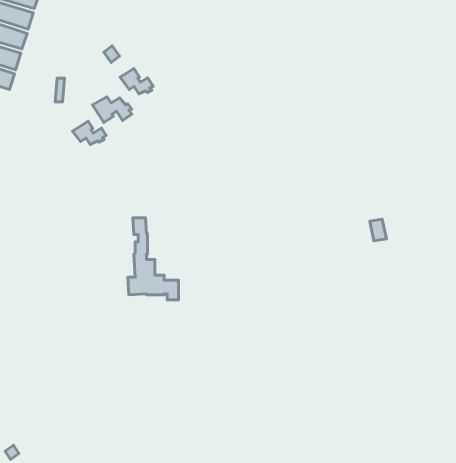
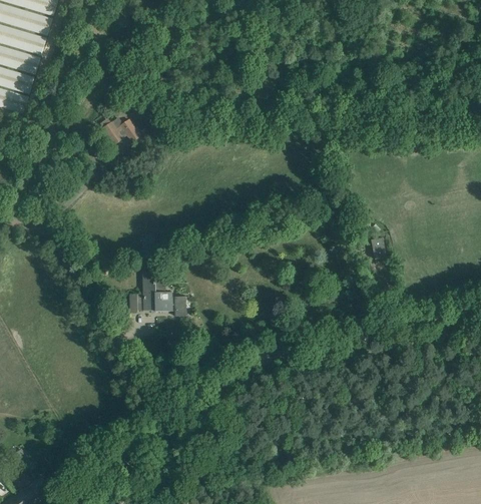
building: [120,68,153,94] -> none
building: [73,121,106,144] -> none

